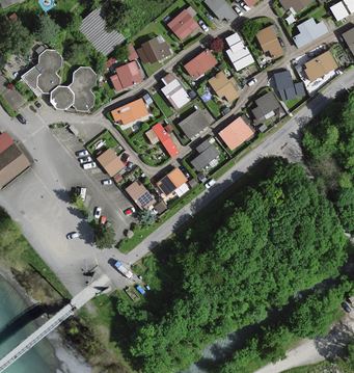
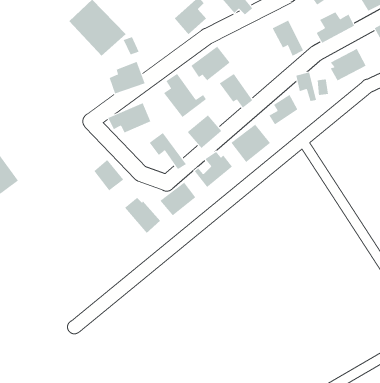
building: [225,32,252,70] -> none
building: [140,38,171,65] -> none
building: [22,49,98,110] -> none

